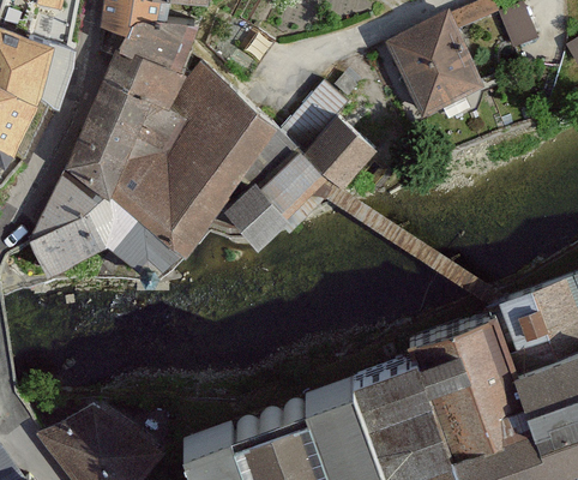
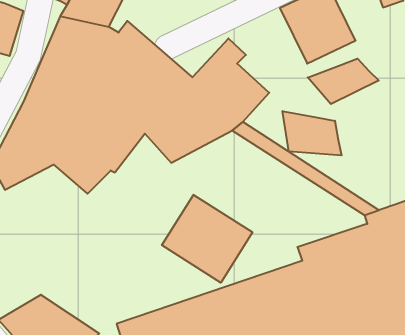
building: none -> [308,59,379,104]
building: none -> [283,111,342,155]
building: none -> [162,195,252,283]

